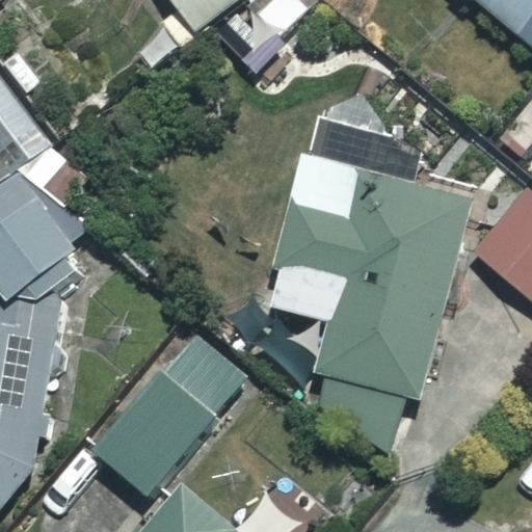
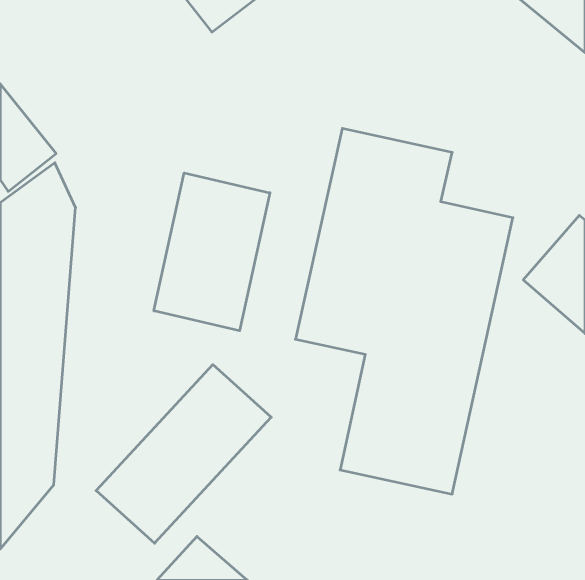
building: none -> [154,173,270,331]

